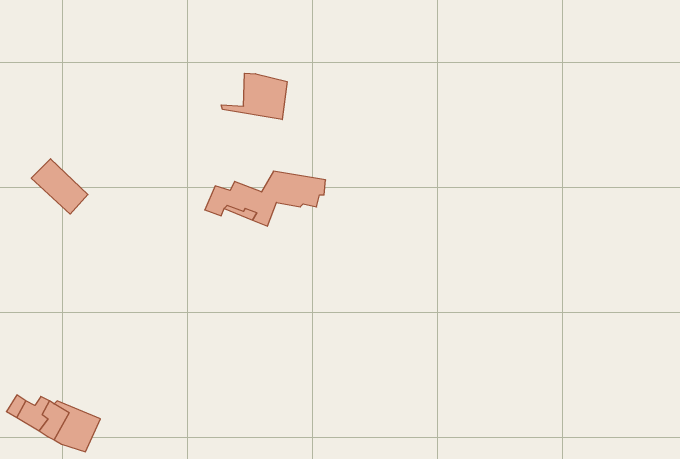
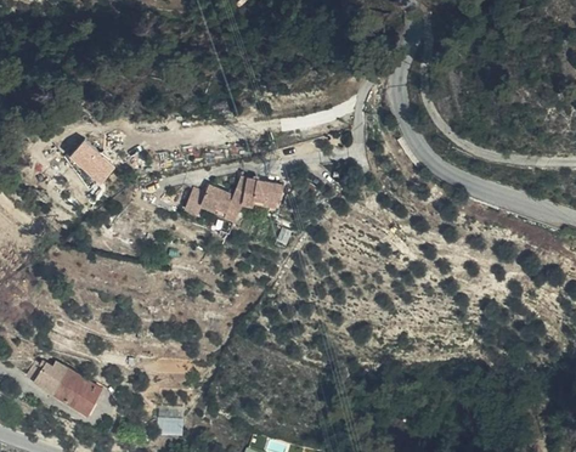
building: [221,73,287,120] -> none
building: [31,159,88,214] -> [70,137,117,182]

